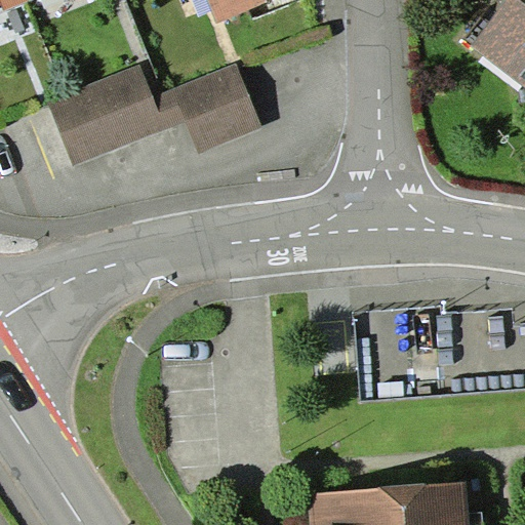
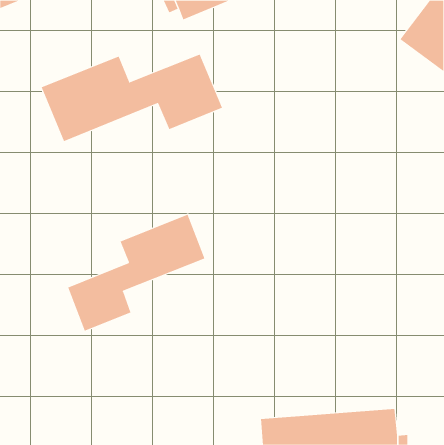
building: none -> [68,214,205,332]

